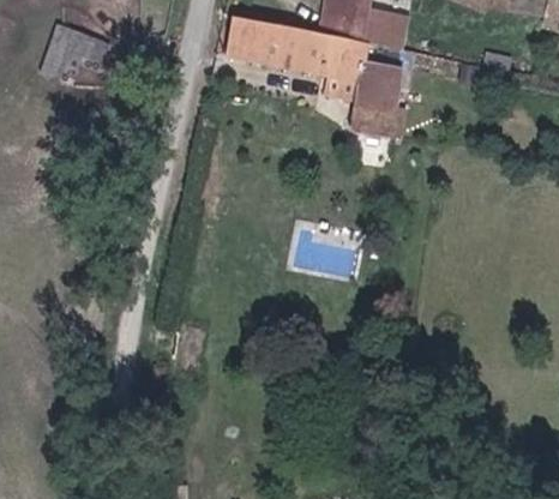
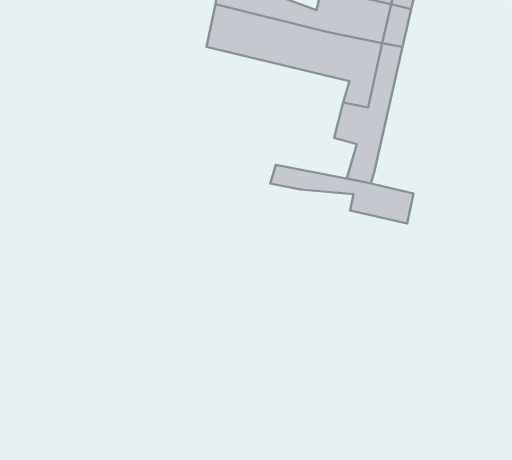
building: [48,38,101,101] -> none
building: none -> [270,165,414,223]

